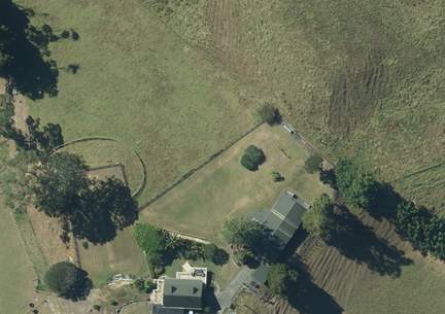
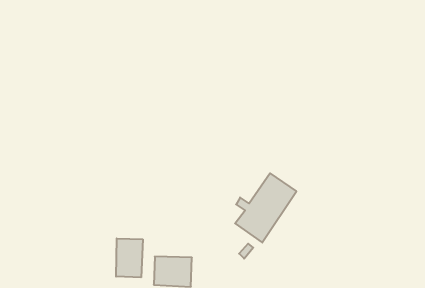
building: none -> [116,238,143,277]

